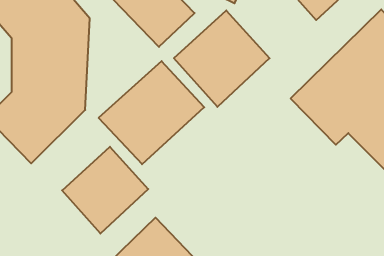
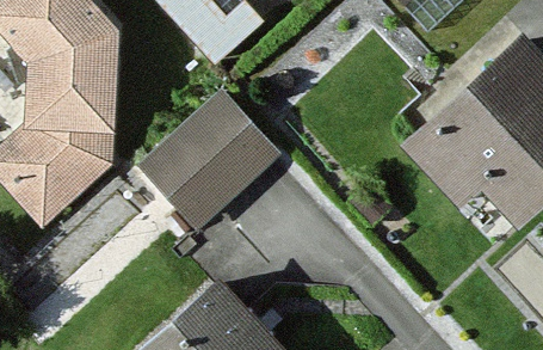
building: [174,10,270,107] -> none
building: [62,147,148,234] -> none

